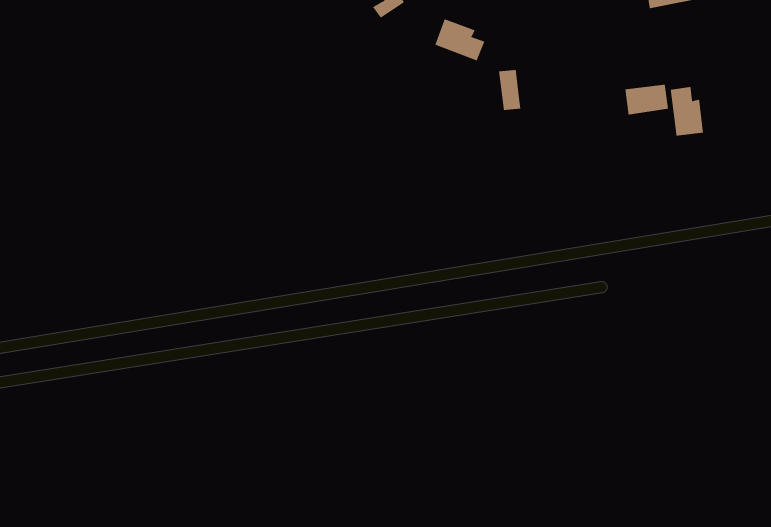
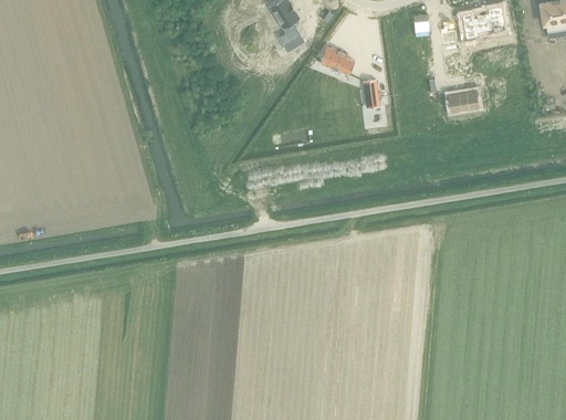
building: [670,86,703,136] -> none

